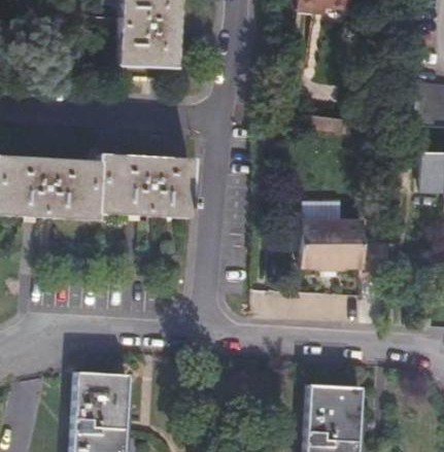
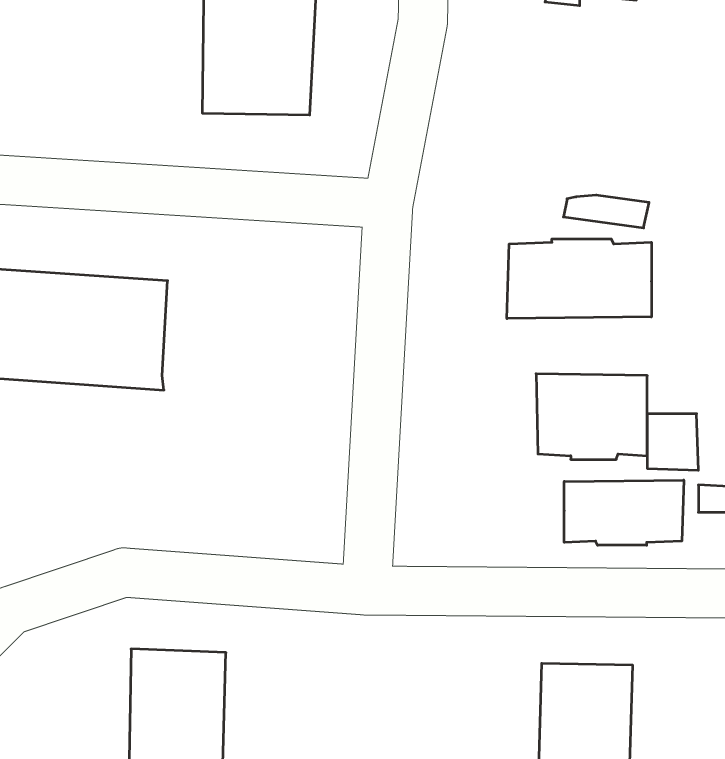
building: none -> [507,239,651,319]
building: [93,155,192,221] -> none
building: none -> [564,480,684,545]

